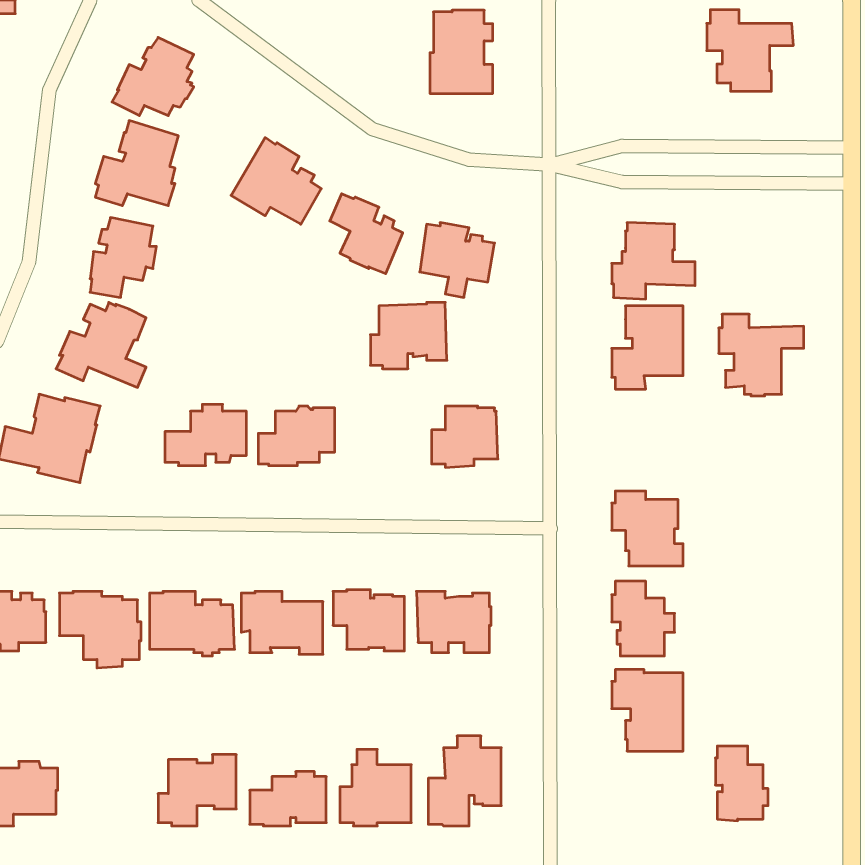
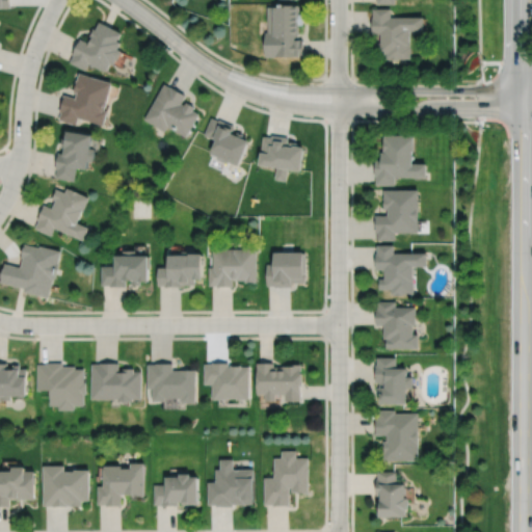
building: [707,10,793,91] -> [370,11,423,61]
building: [370,302,447,369] -> [208,247,255,288]
building: [719,314,804,396] -> [374,245,426,295]
building: [715,746,768,821] -> [375,473,407,518]
building: none -> [42,467,89,507]

